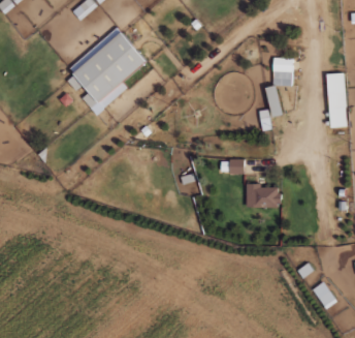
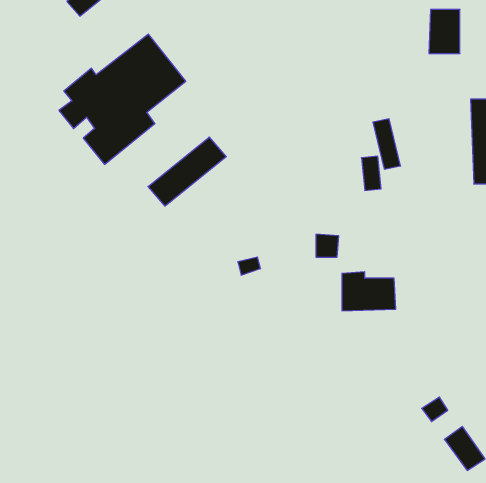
building: [271,57,291,85] -> [429,9,460,53]
building: none -> [148,137,226,206]

